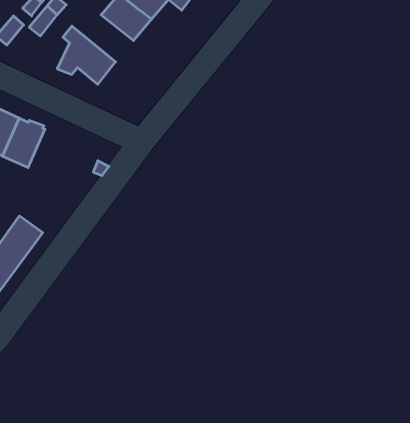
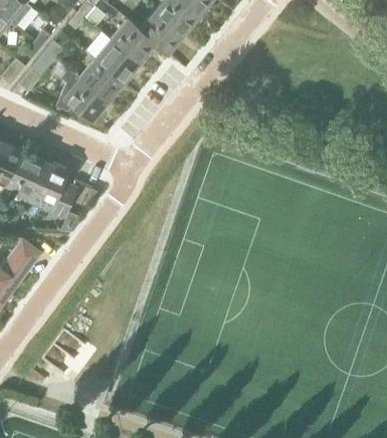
building: none -> [81,58,126,100]
building: none -> [29,161,78,217]

